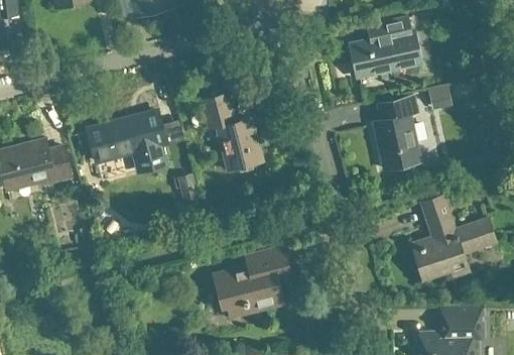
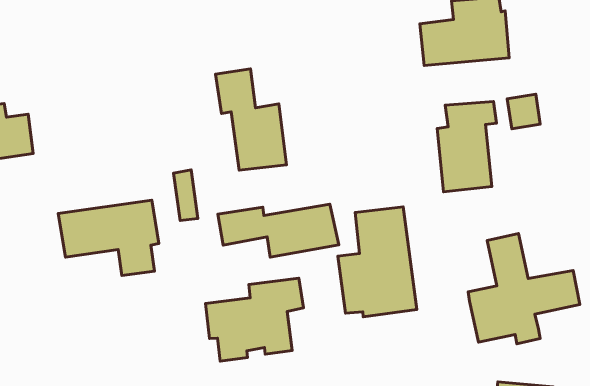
building: [88,110,166,169] -> [58,200,159,275]
building: none -> [338,207,417,317]
building: none -> [218,204,339,257]

